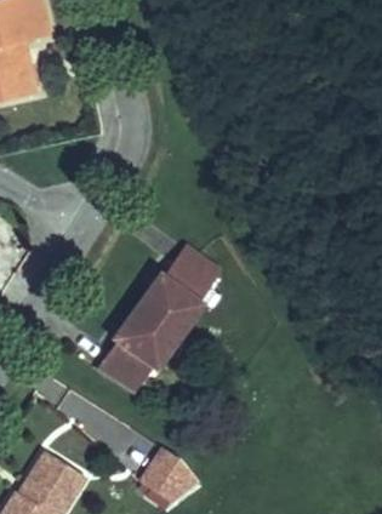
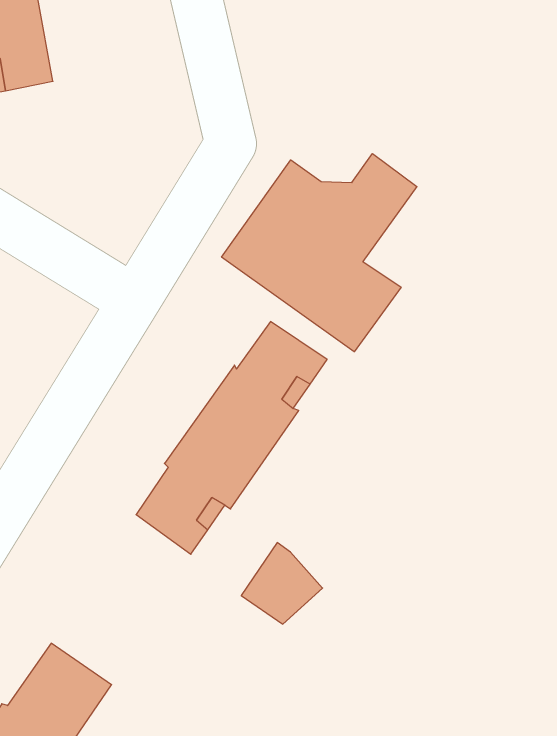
building: none -> [222,154,417,352]
building: [136,456,188,508] -> [241,543,323,624]

